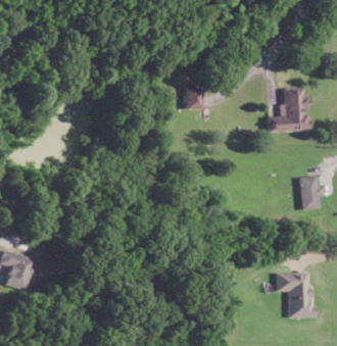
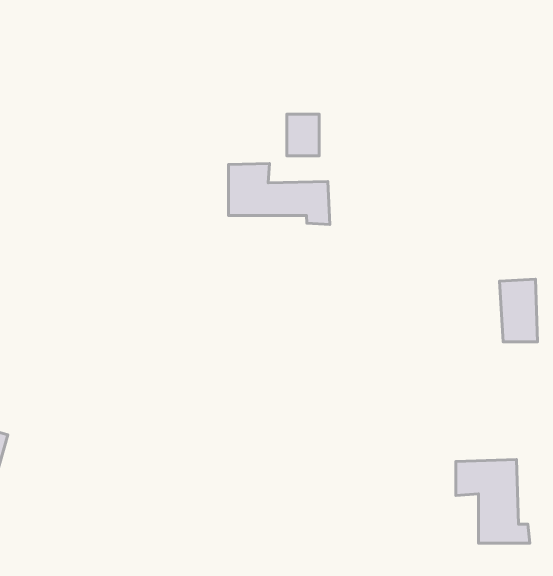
building: [268,86,309,132] -> none
building: none -> [228,164,330,224]

